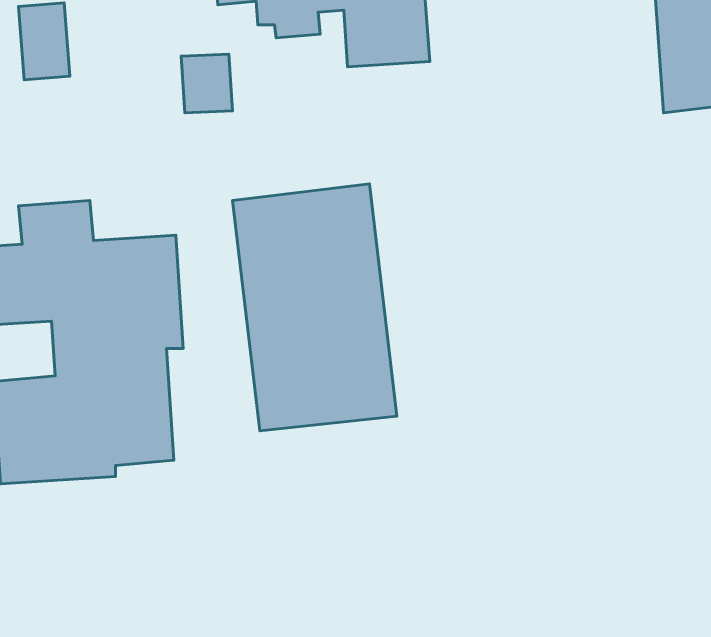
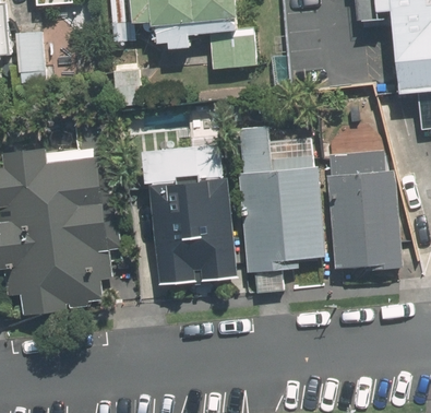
building: none -> [234,128,328,273]
building: none -> [328,149,400,266]

